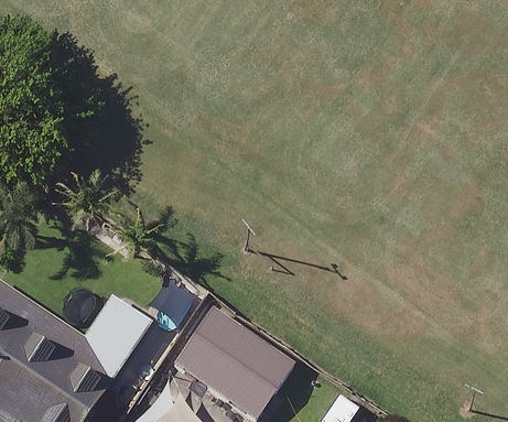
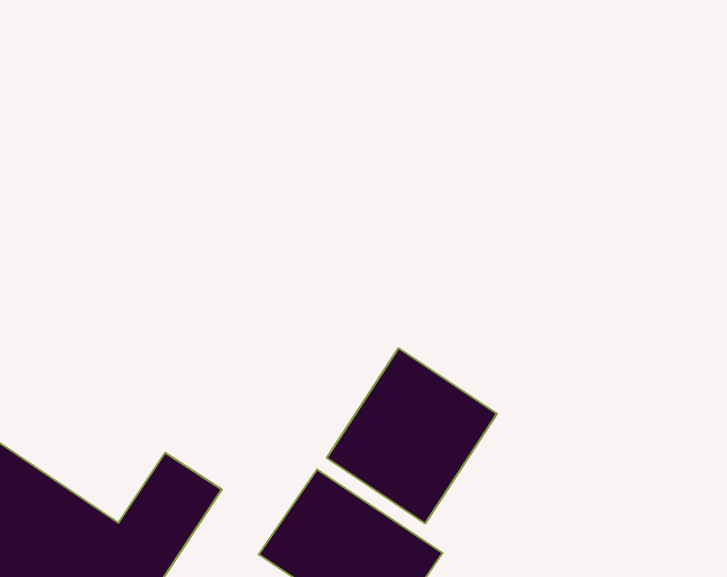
building: none -> [327,348,497,523]

